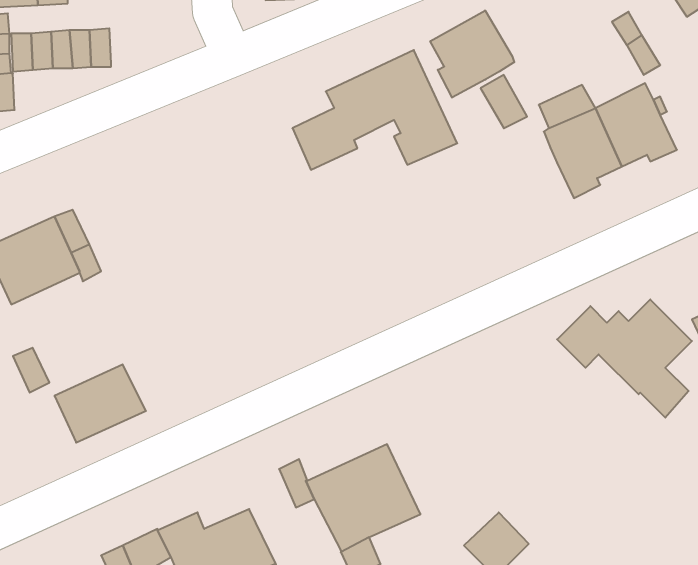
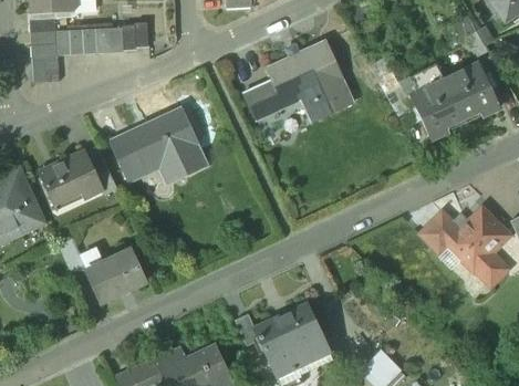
building: [430,10,514,98] -> none
building: none -> [122,22,148,50]
building: none -> [110,107,207,181]

